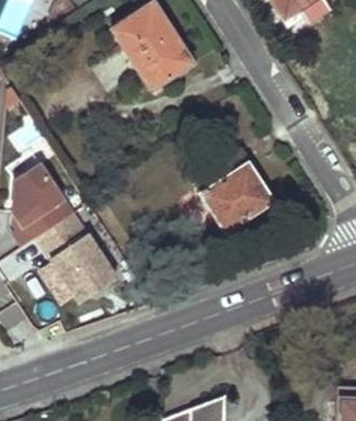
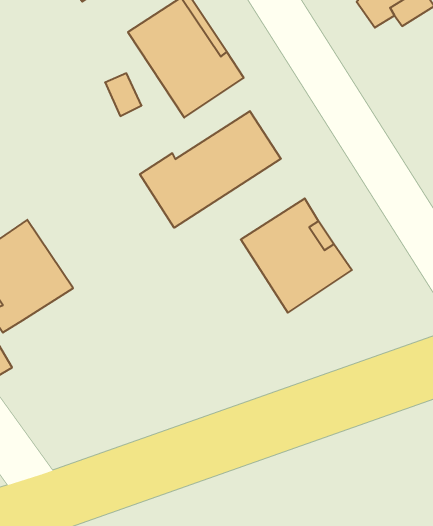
building: none -> [140,111,281,228]
building: [35,213,116,301] -> none

